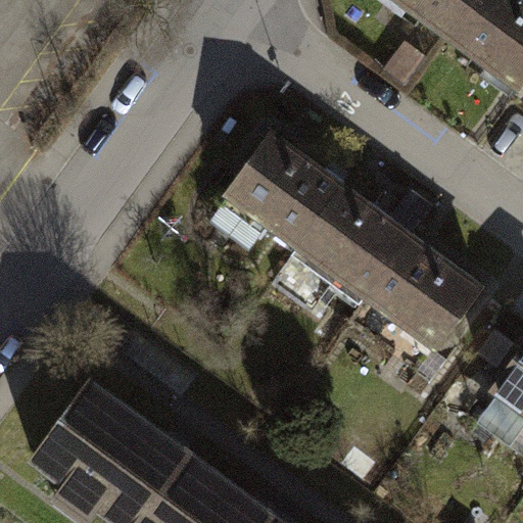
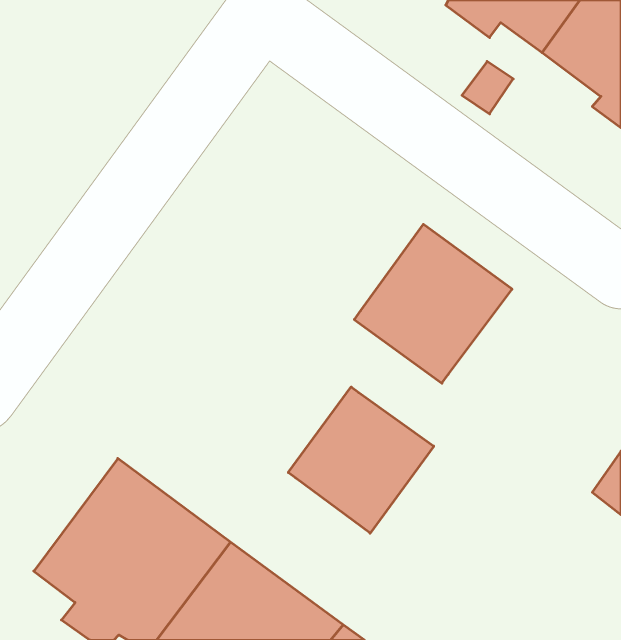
building: [217,131,345,253] -> none
building: [366,236,489,367] -> none
building: none -> [288,387,434,533]

